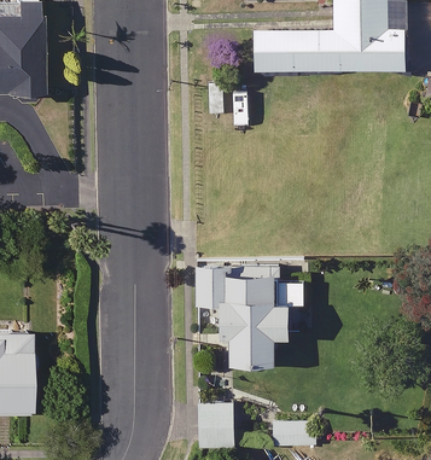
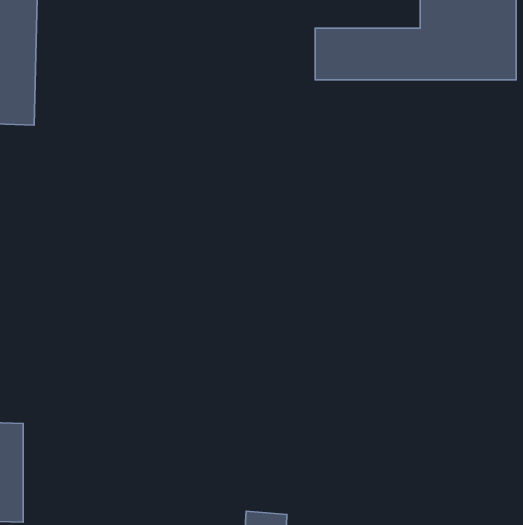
building: [196,267,298,367] -> none

